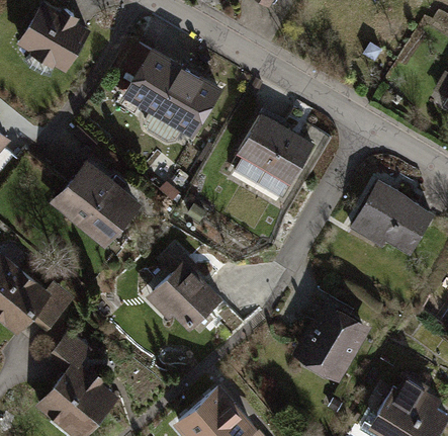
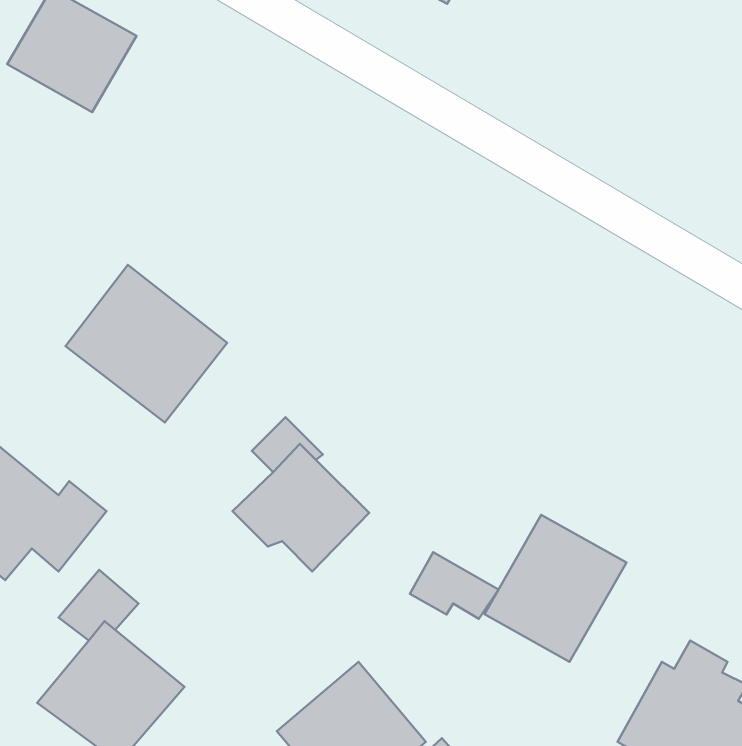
building: [121,46,223,140] -> none
building: [238,112,315,185] -> none
building: [348,182,432,257] -> none
building: none -> [410,552,498,619]

